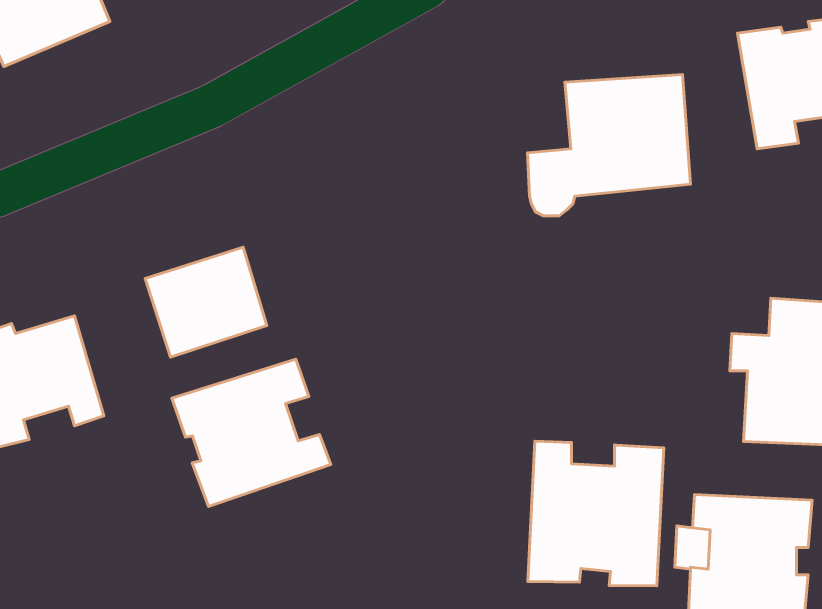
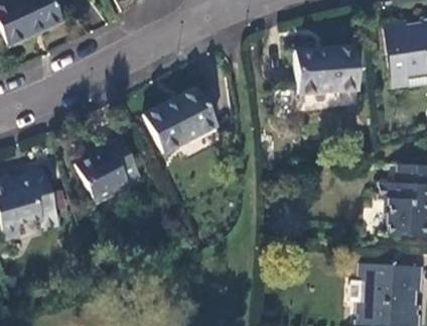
building: none -> [152,92,223,150]
building: [172,359,331,507] -> none
building: [528,441,664,586] -> none

